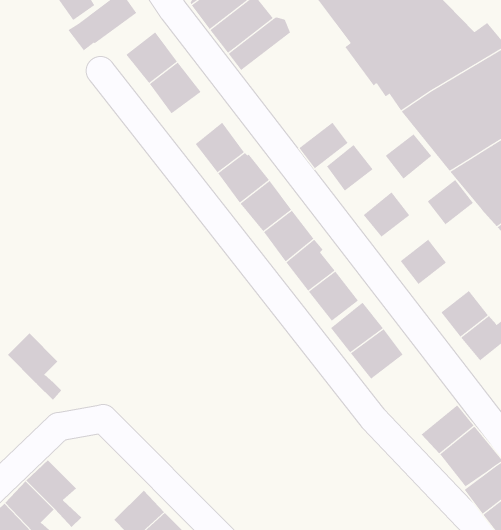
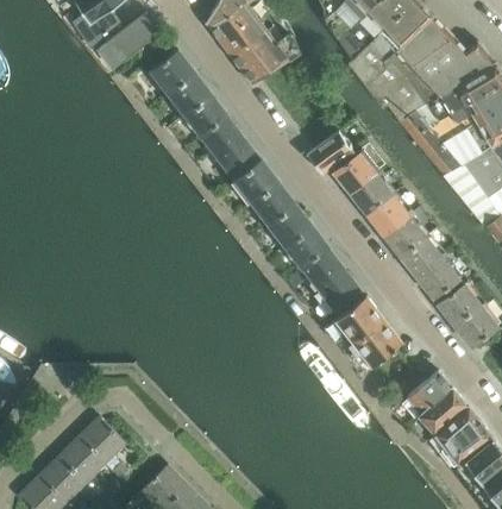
building: none -> [190,103,237,151]
building: [385,134,432,180] -> [347,174,390,215]
building: [427,179,474,225] -> [381,215,423,257]
building: none -> [414,258,457,299]
building: [7,333,62,401] -> [79,416,128,478]
building: none -> [388,370,450,425]

